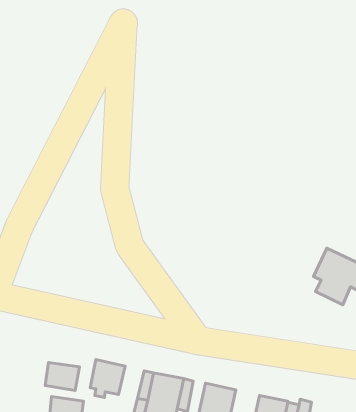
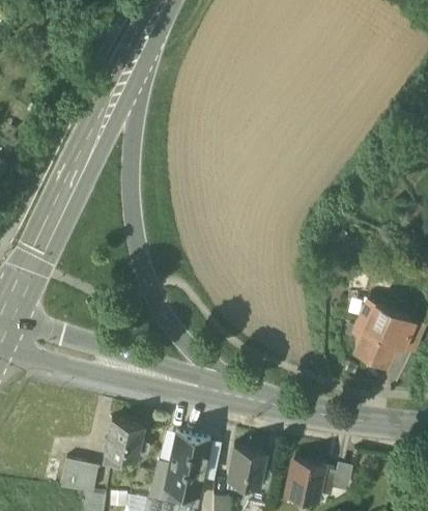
building: [45,363,79,390] -> none

